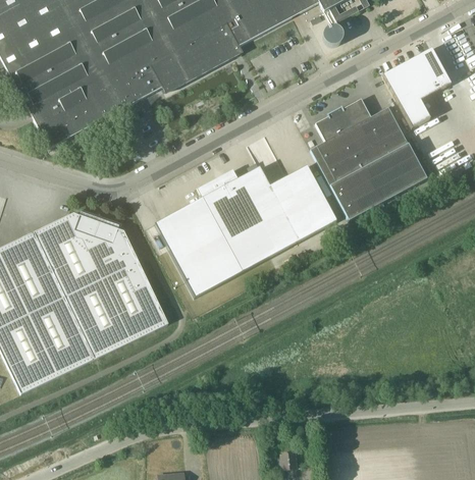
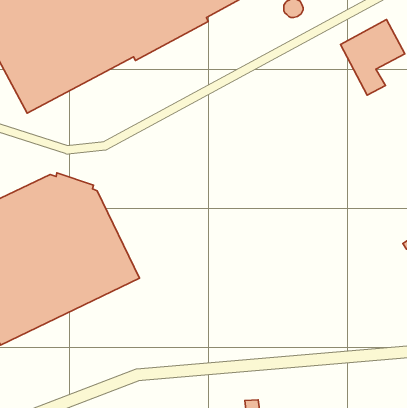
building: [310,98,426,220] -> none
building: [154,165,336,297] -> none

